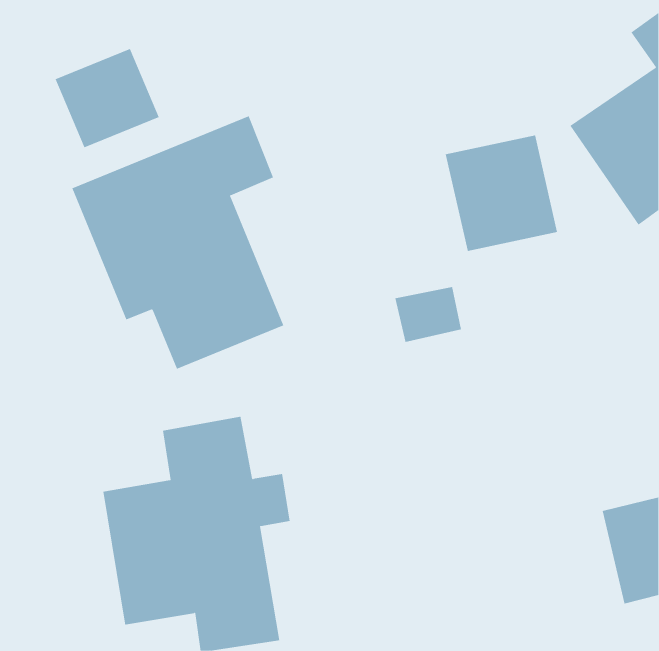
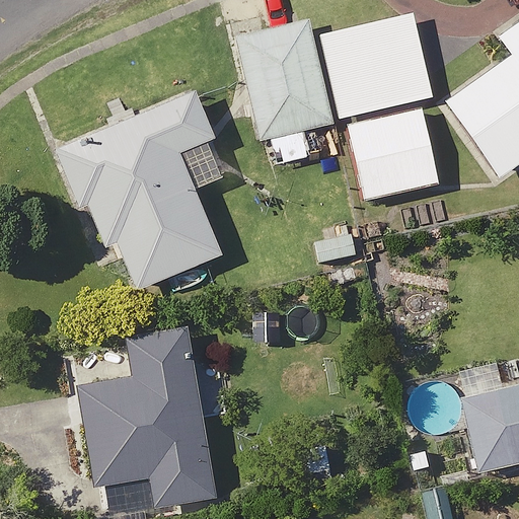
building: none -> [322,15,431,108]
building: none -> [239,18,339,164]
building: [55,48,159,148] -> none

